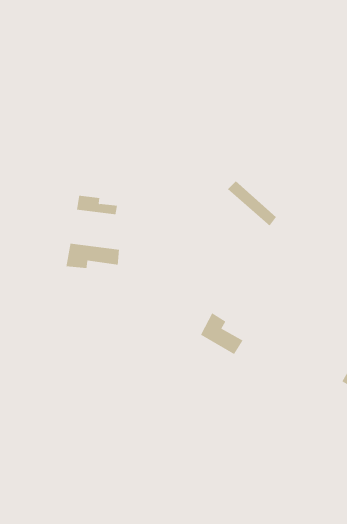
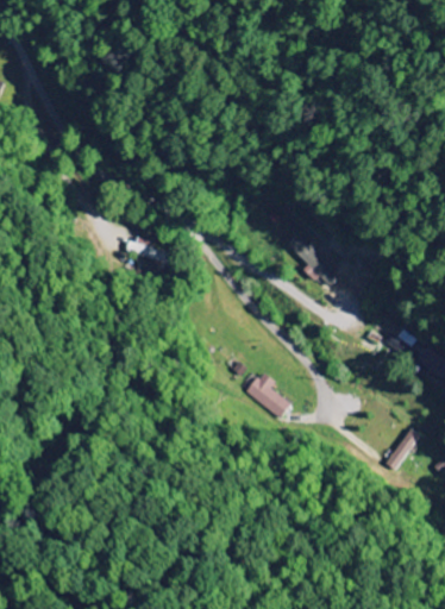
building: [66,243,119,269] -> none

